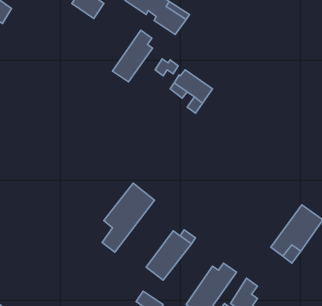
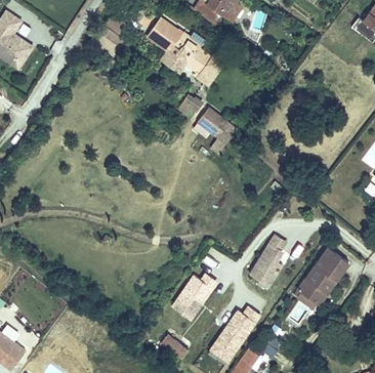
building: [112,30,152,82] -> none
building: [102,183,155,252] -> none
building: none -> [250,231,283,275]

